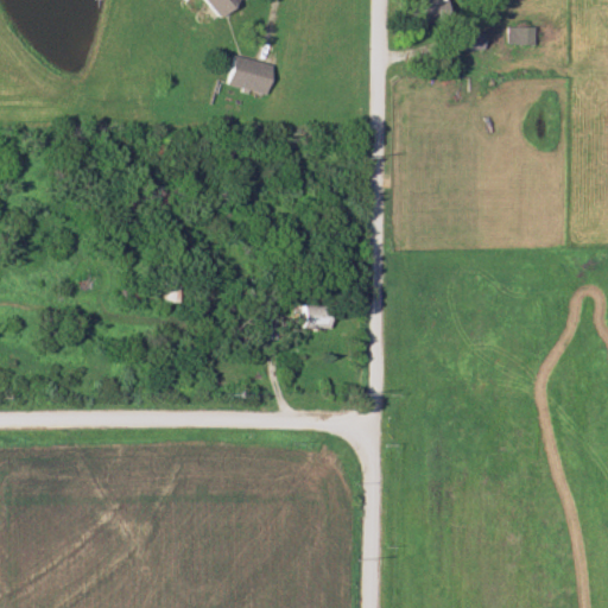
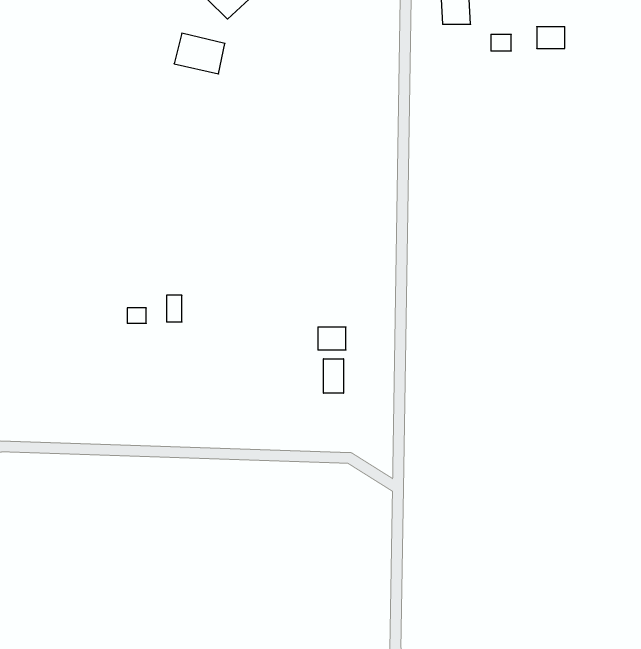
building: [230,55,278,93] -> [174,33,225,74]
building: none -> [324,359,343,393]

